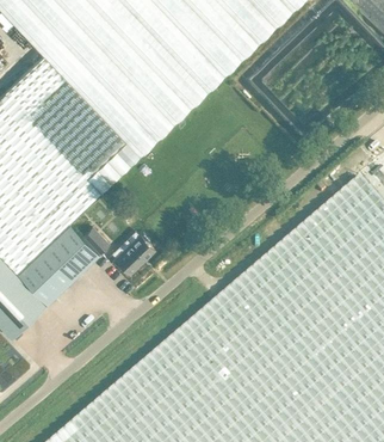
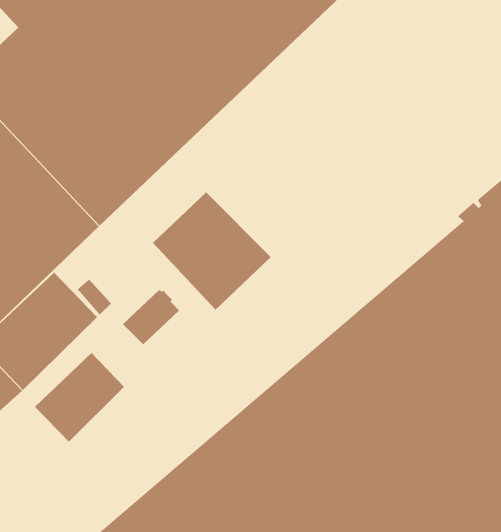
building: none -> [152,191,271,311]
building: none -> [34,352,125,443]

